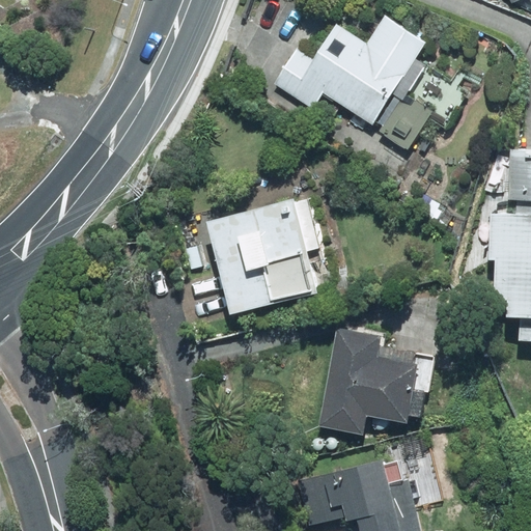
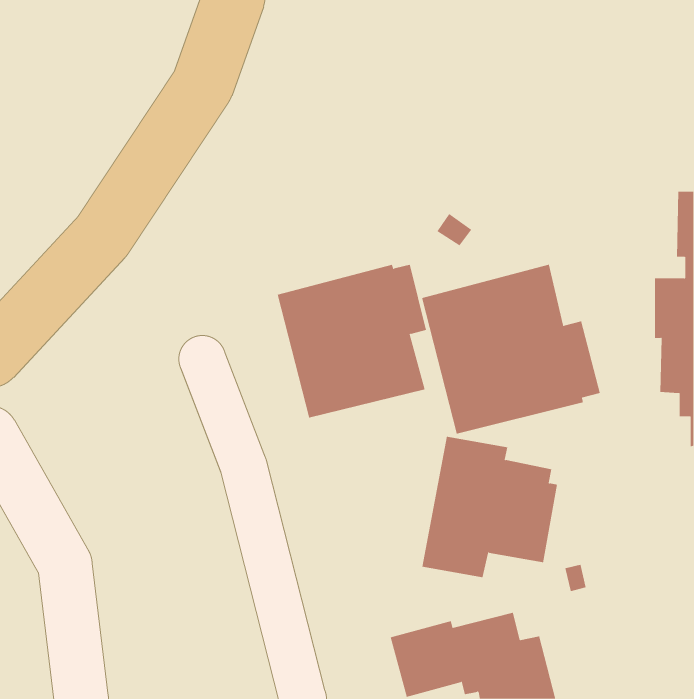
building: [271,16,431,148] -> none
building: none -> [422,264,601,434]

